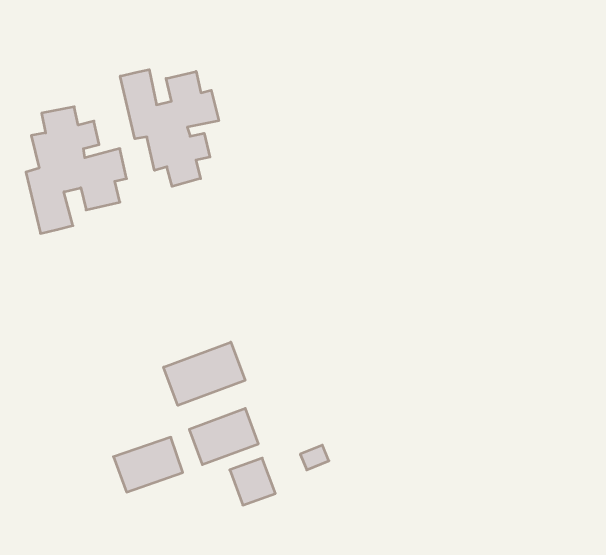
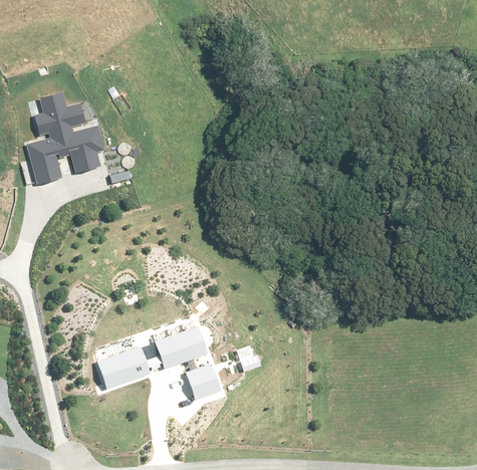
building: [120,70,219,186] -> none
building: [164,342,245,405] -> none

